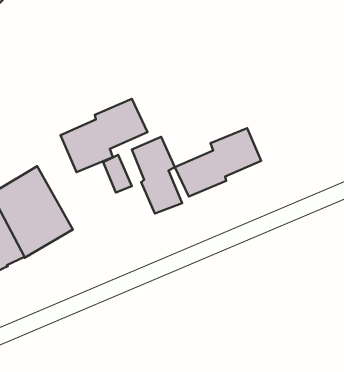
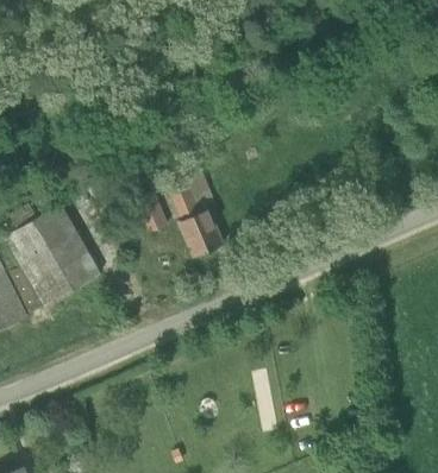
building: [61,99,148,172] -> none
building: [175,128,261,197] -> none

